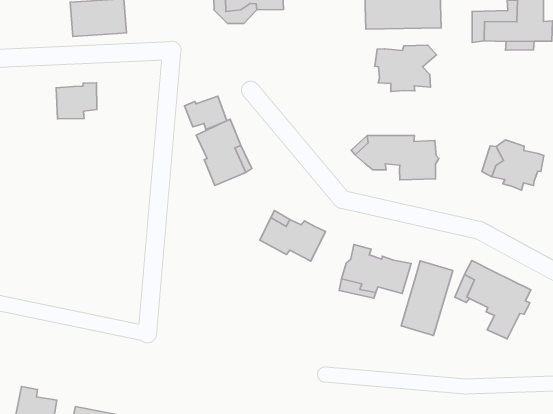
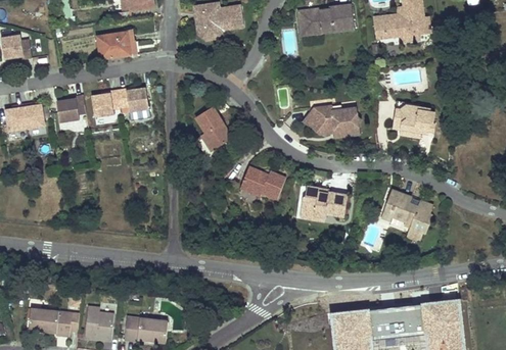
building: [375,45,436,91] -> none
building: none -> [119,89,147,114]
building: none -> [57,96,86,123]
building: [184,96,227,129] -> none
building: [401,261,453,336] -> none

